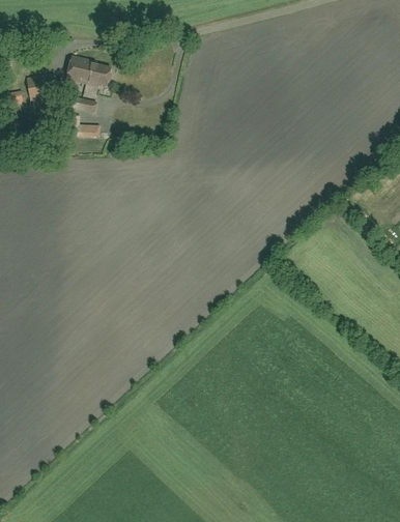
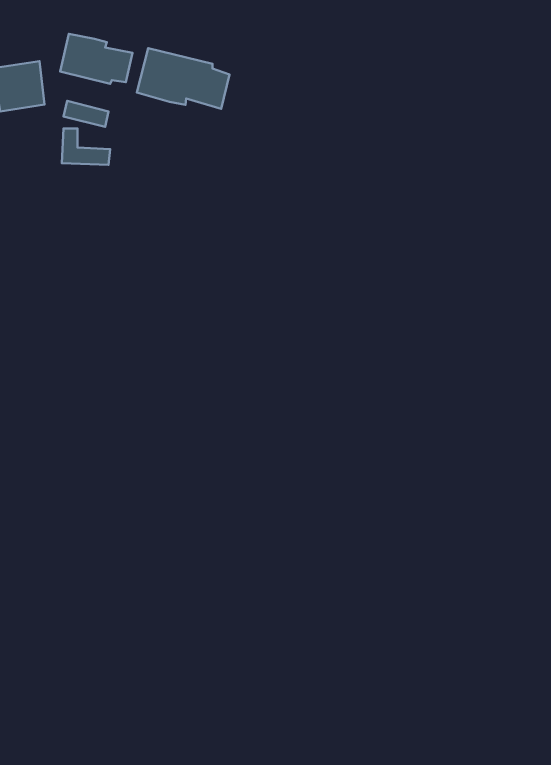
building: none -> [137,48,230,109]

